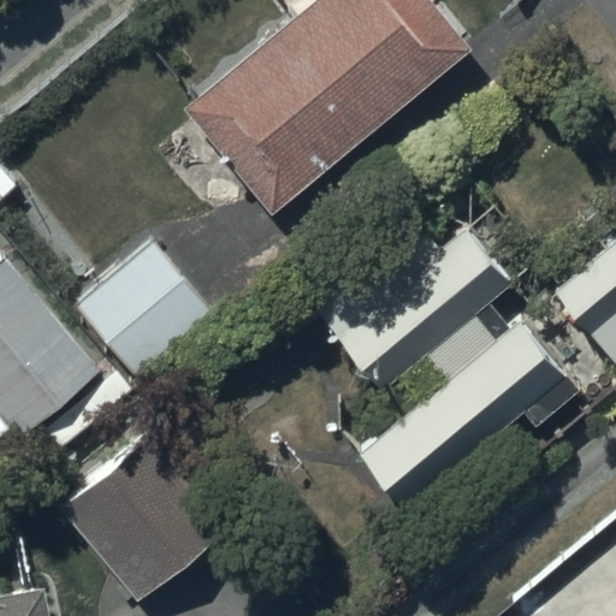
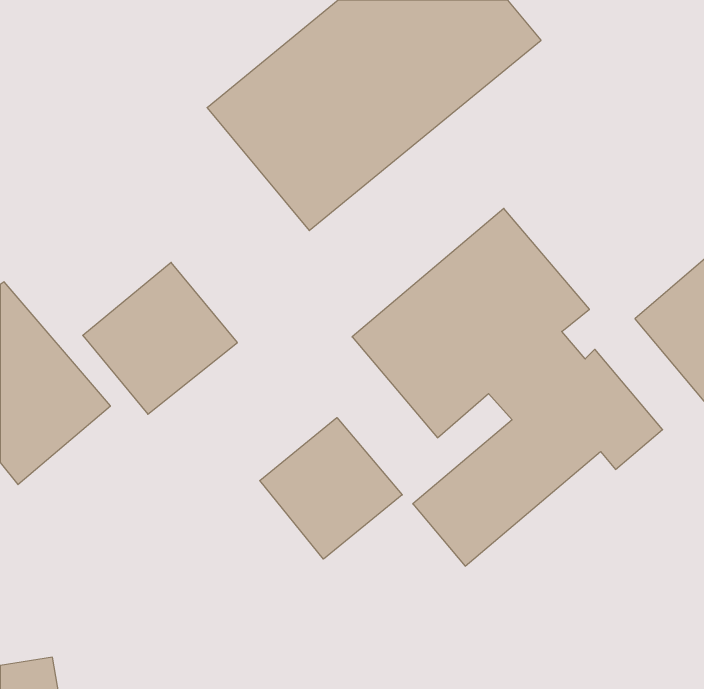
building: none -> [260,418,402,559]
building: [58,426,236,604] -> none

